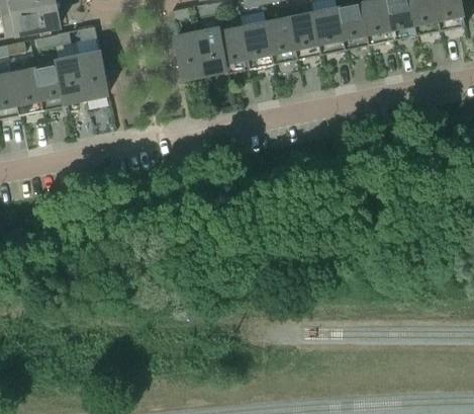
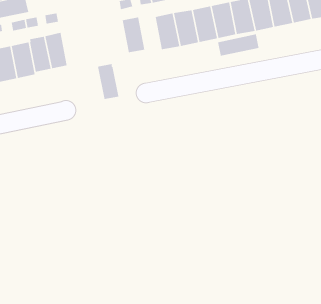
building: [197,25,225,71] -> [97,63,120,99]
building: none -> [218,33,259,56]

